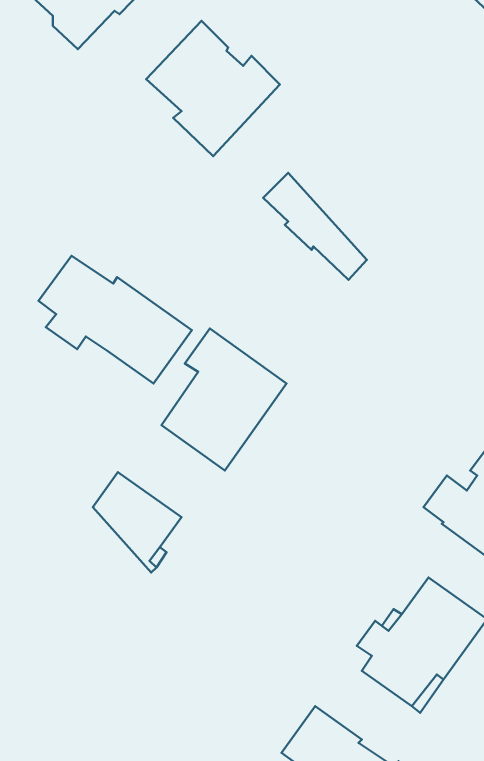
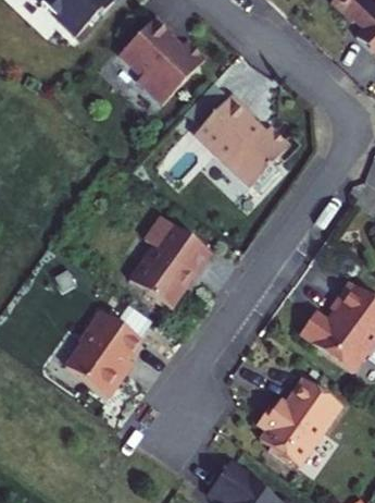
building: none -> [212,94,289,171]
building: [38,256,192,383] -> none
building: none -> [66,332,123,395]

